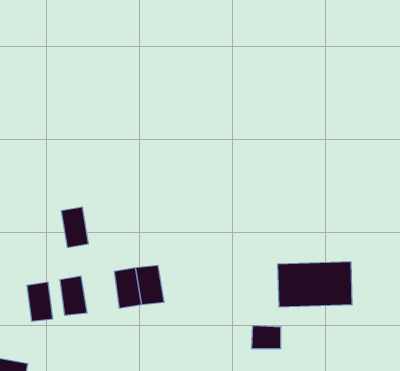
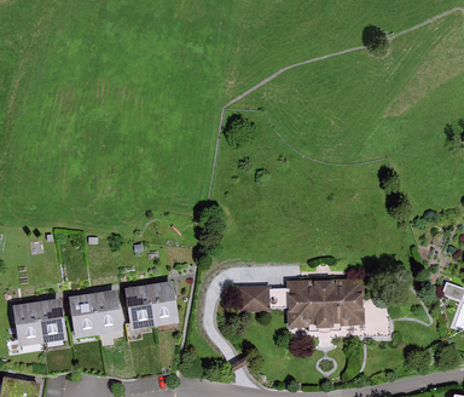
building: [61,207,88,248] -> [91,292,118,333]
building: none -> [13,305,40,345]
building: [251,326,281,348] -> [240,287,271,310]

